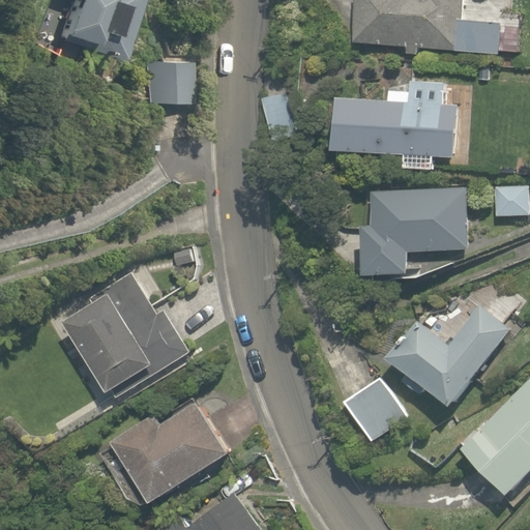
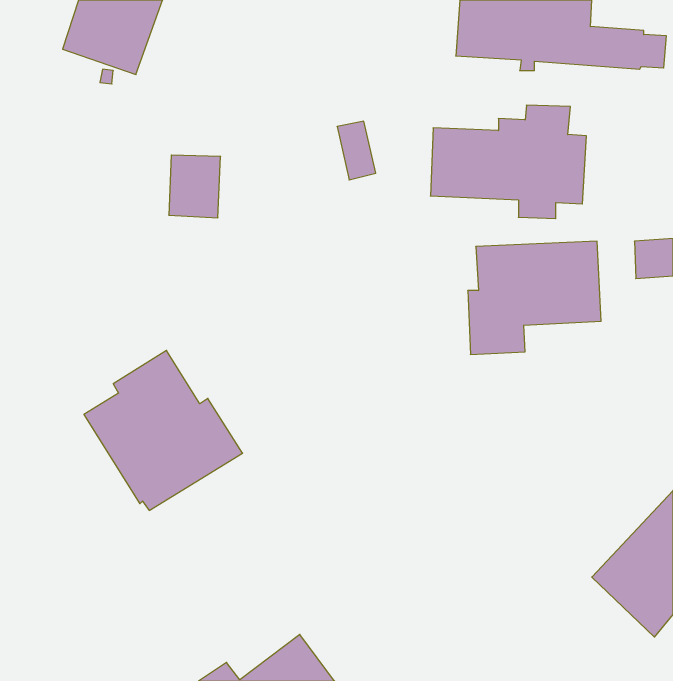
building: [143,57,183,106] -> [169,155,221,218]
building: [388,304,509,406] -> none
building: [343,378,405,441] -> none
building: [100,402,231,503] -> none

